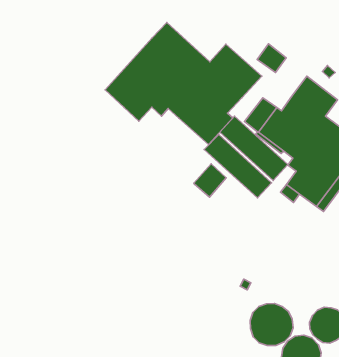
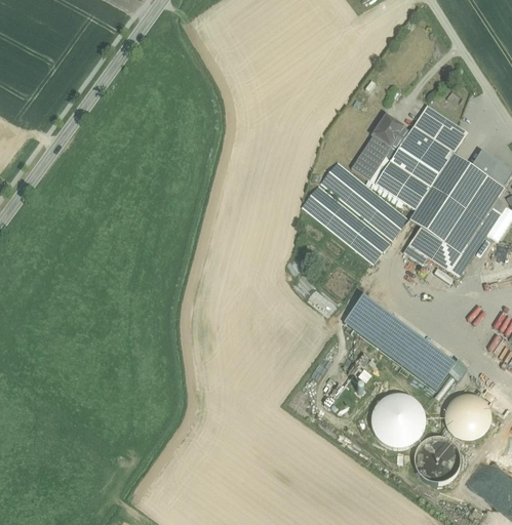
building: [105,22,262,145] -> none
building: [257,44,286,73] -> [371,114,408,150]
building: [194,164,226,197] -> none
building: none -> [347,296,459,392]

